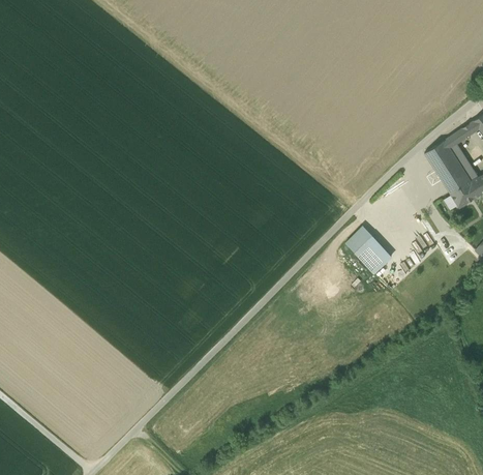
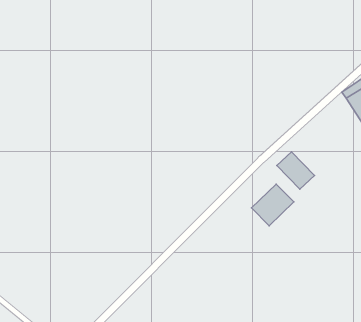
building: none -> [252,184,294,226]

